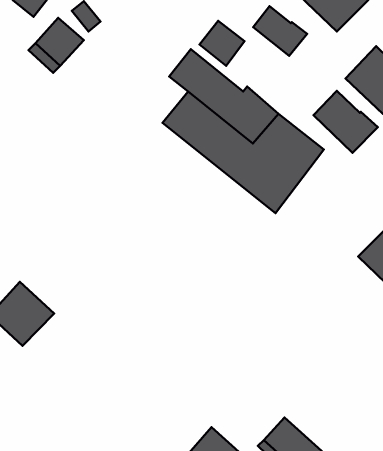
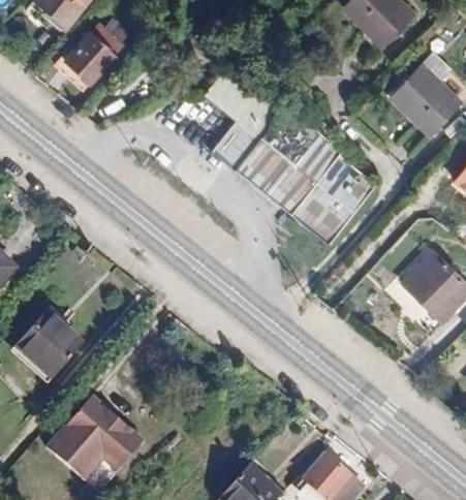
building: [253,6,307,56] -> none
building: [199,21,245,66] -> none
building: [314,91,378,153] -> none
building: none -> [45,395,145,480]

